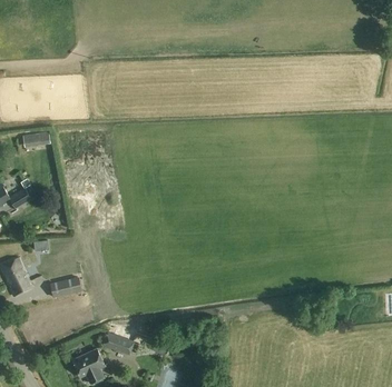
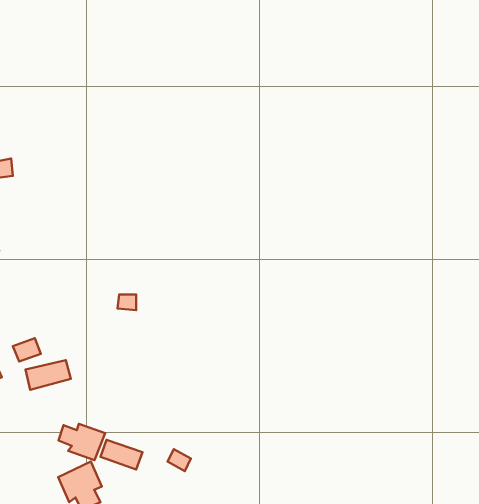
building: none -> [58,424,105,460]

